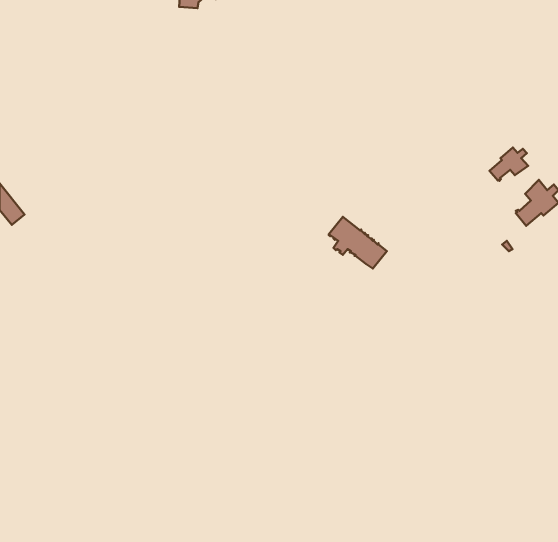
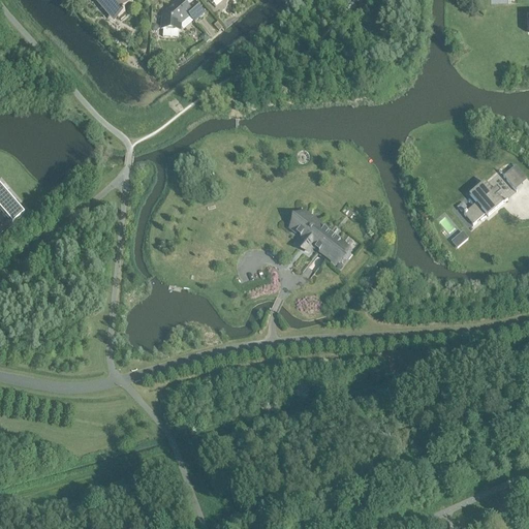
building: [489,148,528,181] -> none

